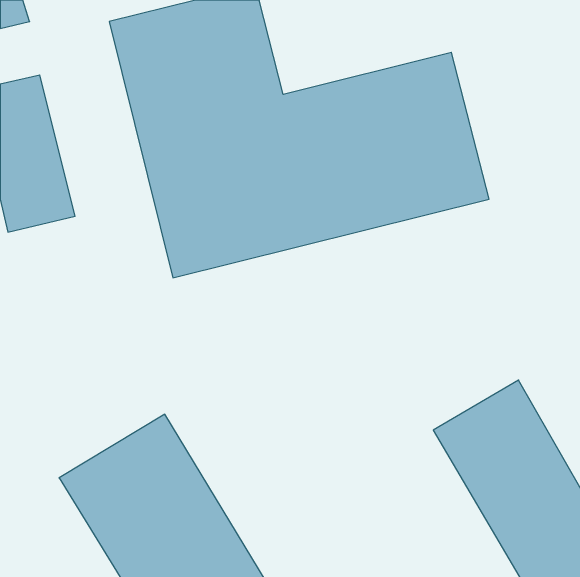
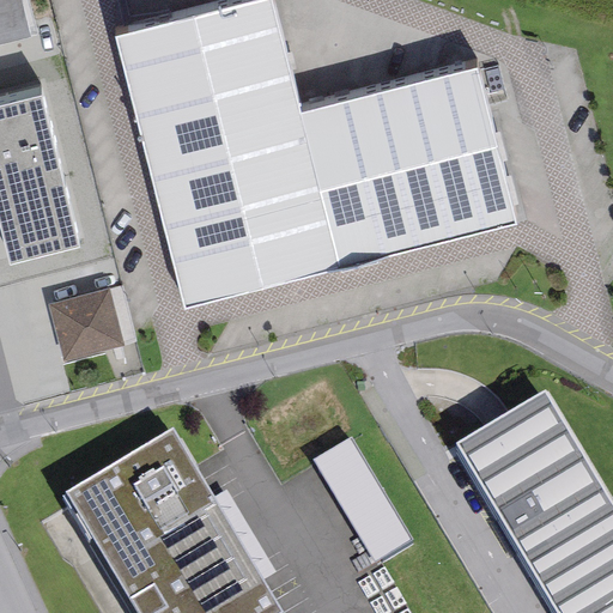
building: none -> [50,287,125,359]
building: none -> [315,453,412,576]

